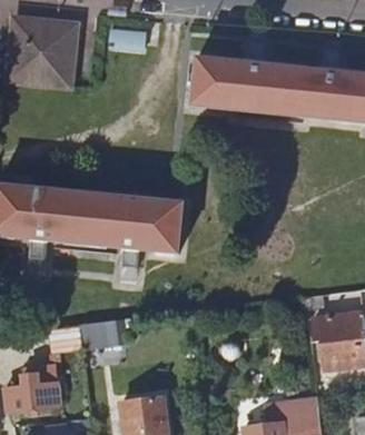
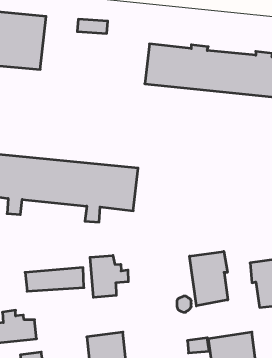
building: none -> [190,251,228,306]
building: none -> [90,255,128,297]

